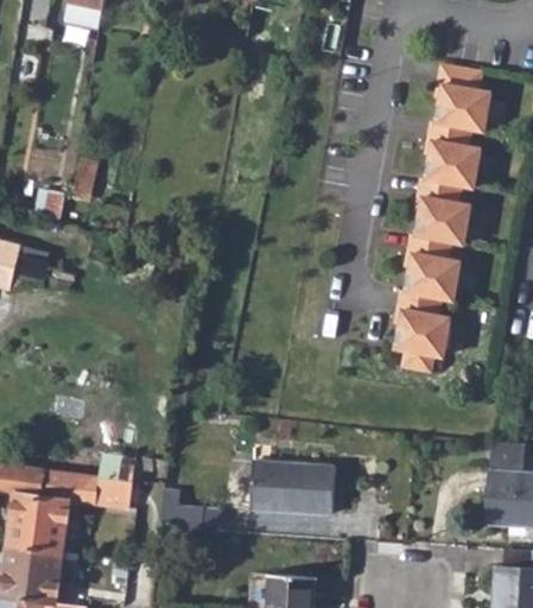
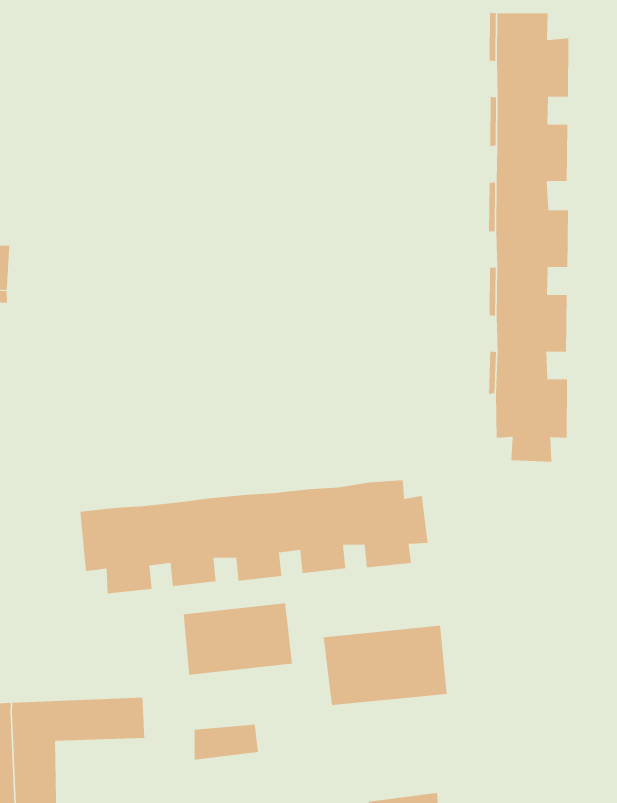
building: none -> [80,479,428,594]
building: none -> [183,602,292,676]

